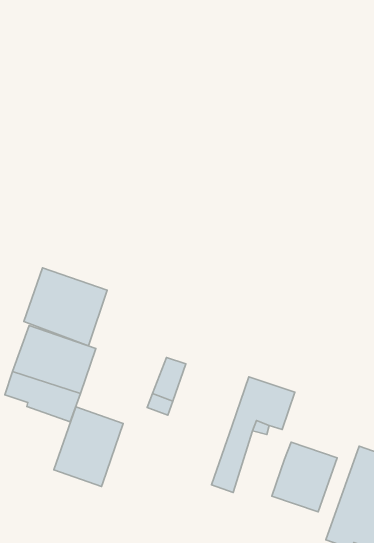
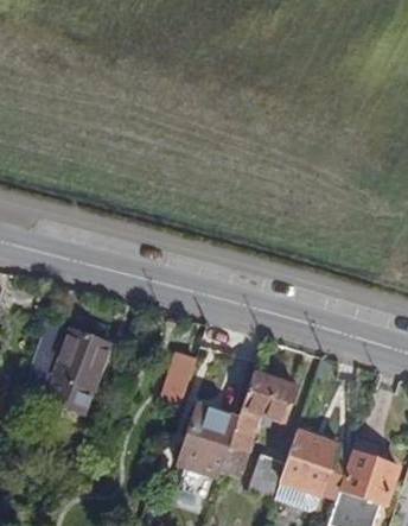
building: [24,268,107,346] -> none
building: [54,407,123,487] -> [189,400,253,474]
building: none -> [261,438,301,489]

